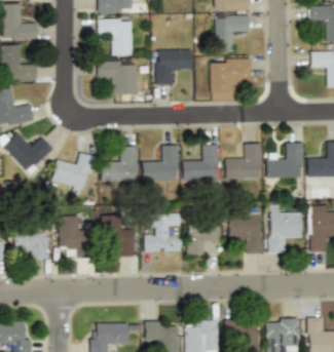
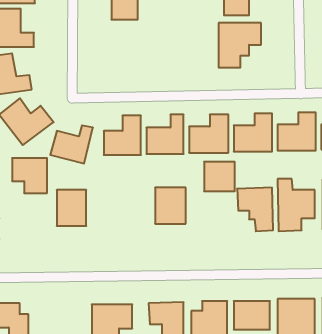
building: [157,50,194,85] -> none
building: [98,60,139,95] -> none
building: [109,218,136,256] -> none
building: [15,227,48,260] -> [12,158,47,193]
building: [188,227,217,255] -> [204,162,235,191]

